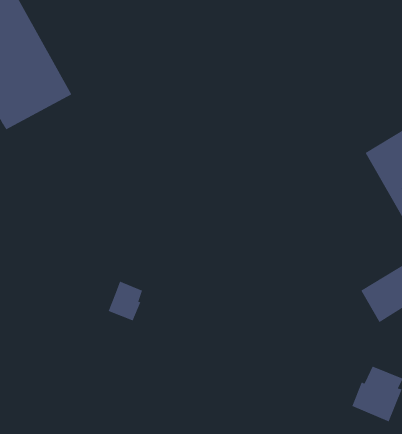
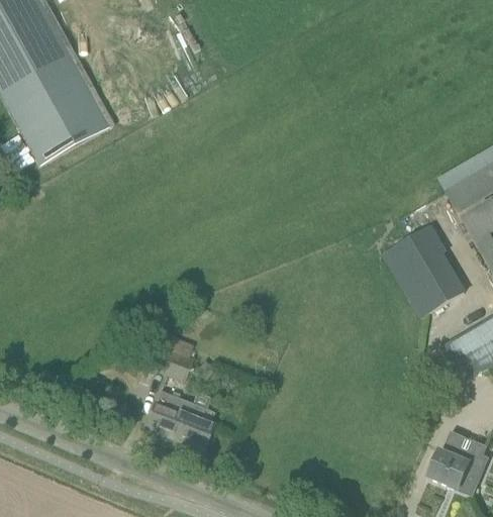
building: none -> [384,227,464,315]
building: none -> [145,390,212,448]

